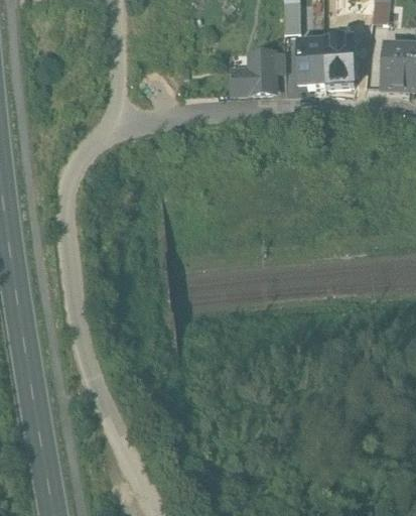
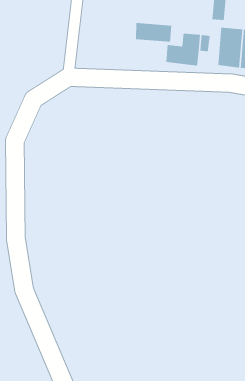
building: none -> [135,22,172,42]

